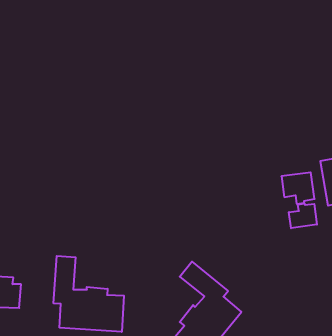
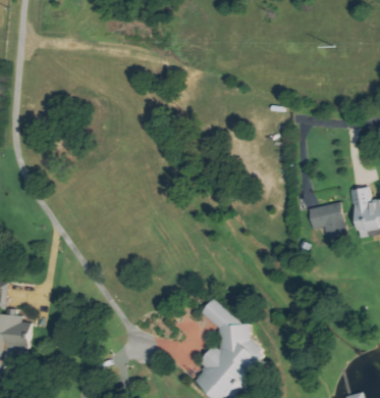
building: [289,203,317,228] -> none
building: [54,256,124,332] -> none

